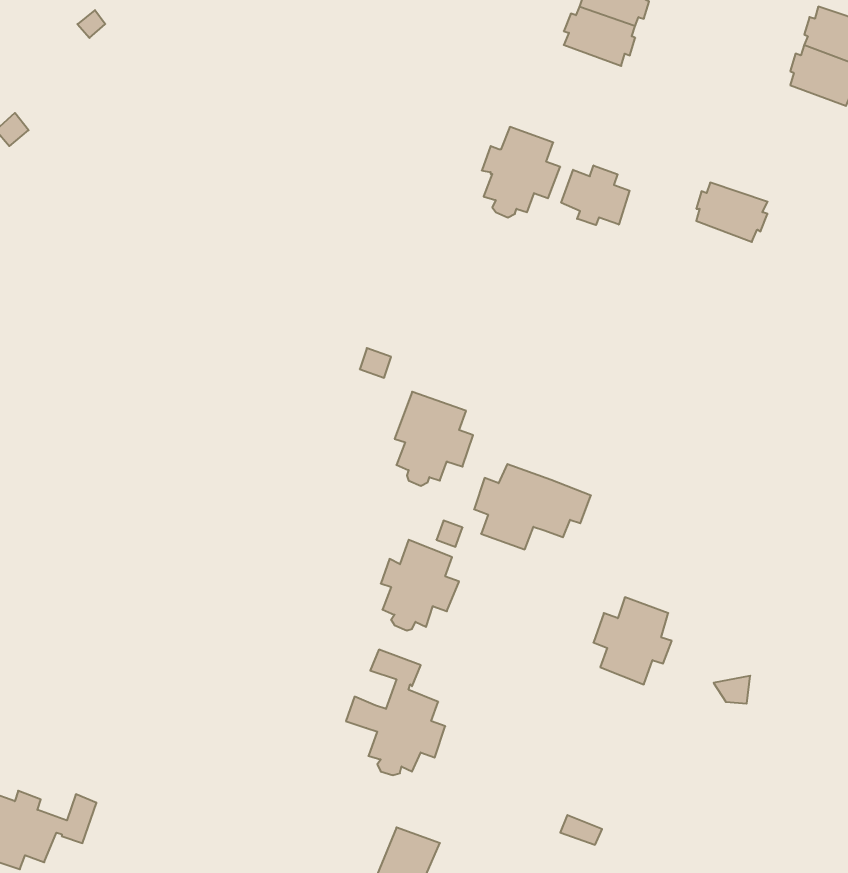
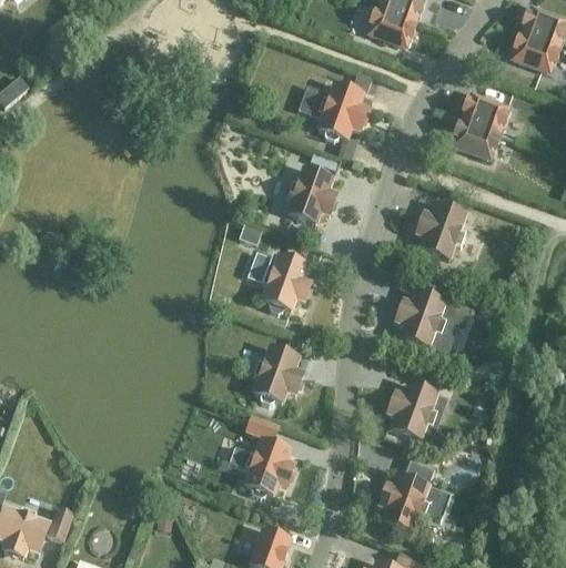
building: none -> [462,93,507,131]
building: [561,165,630,225] -> none
building: none -> [285,168,335,222]
building: none -> [415,203,465,258]
building: [474,464,591,549] -> [395,291,469,345]
building: none -> [378,458,449,529]

